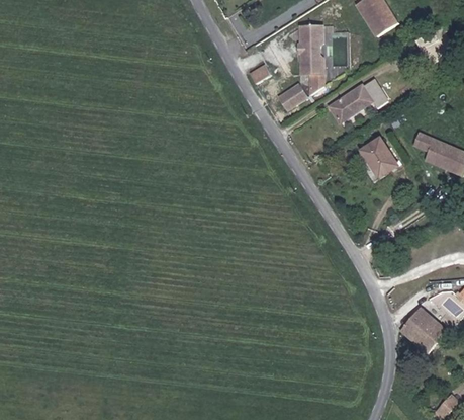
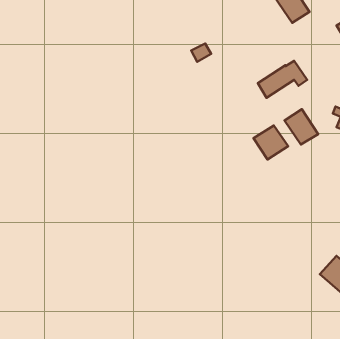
building: [297,26,323,93] -> none
building: [279,83,308,109] -> none
building: none -> [254,126,288,160]

